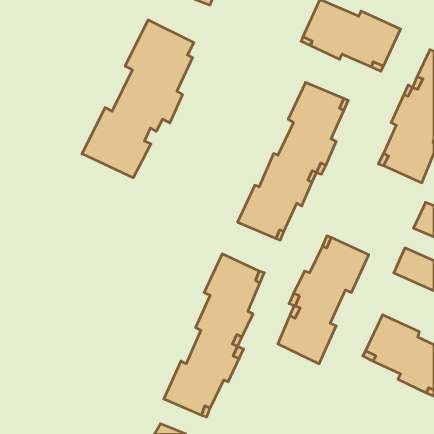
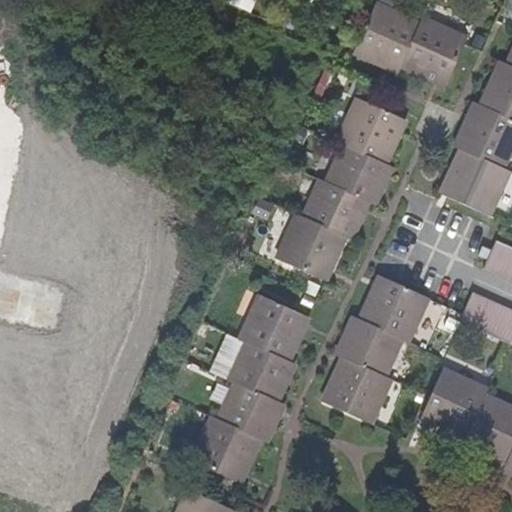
building: [82,20,194,178] -> none

